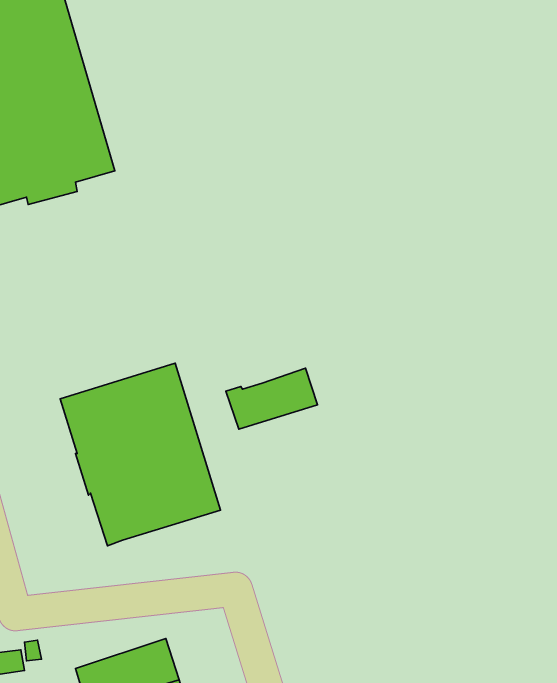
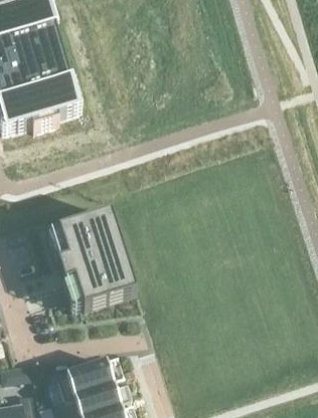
building: [226,368,317,429] -> none

